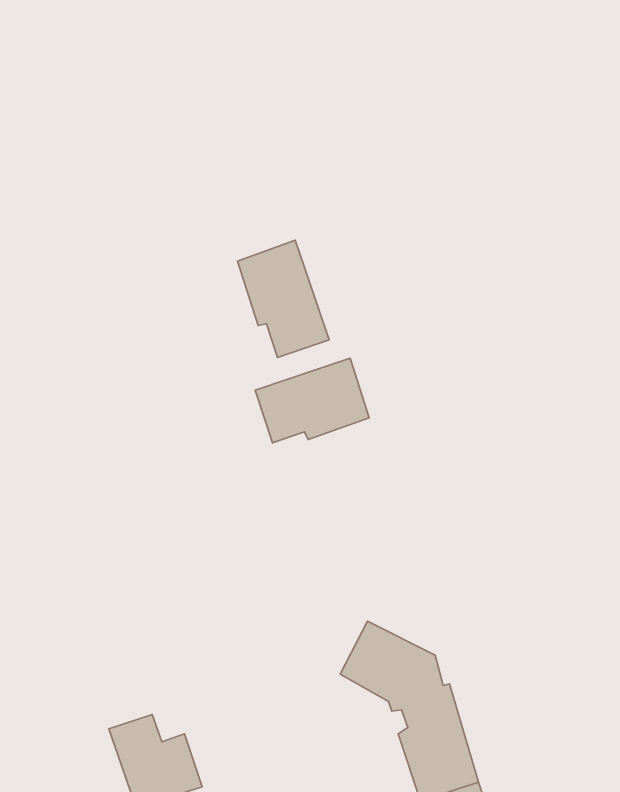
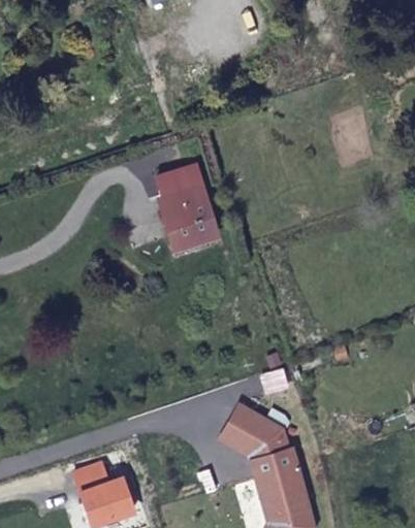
building: [255,358,369,443] -> none

